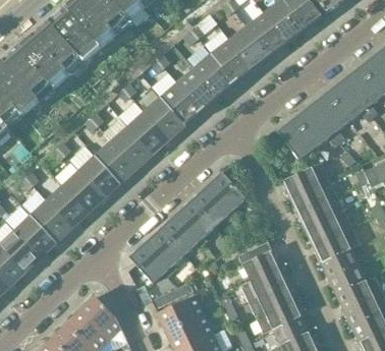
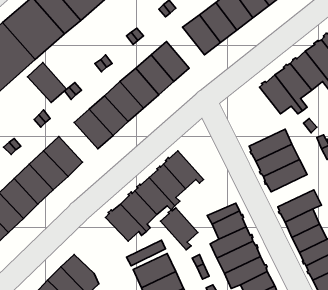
building: [194,53,234,97] -> none
building: [276,117,320,159] -> none
building: [78,155,120,197] -> [27,63,67,103]
building: [206,171,245,216] -> [161,208,198,250]
building: [306,211,351,245] -> none

